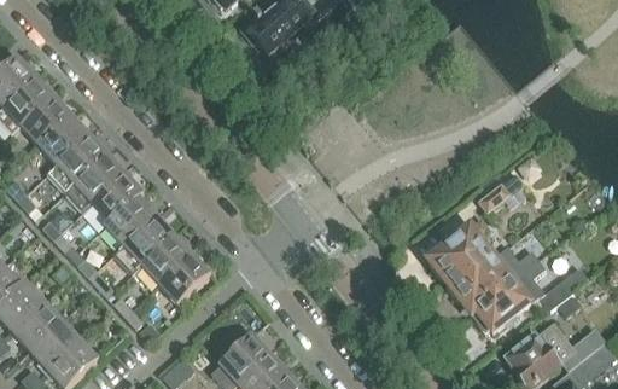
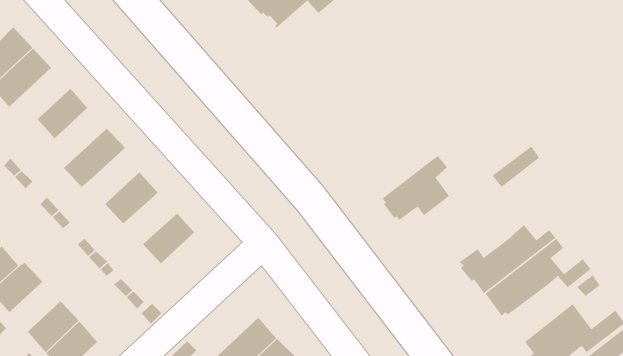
building: [19,93,70,143] -> none
building: [46,132,105,190] -> none
building: [91,170,140,220] -> none
building: [112,214,173,272] -> none
building: [427,216,494,280] -> [381,155,450,221]
building: [157,252,208,302] -> none
building: [11,300,60,348] -> none

